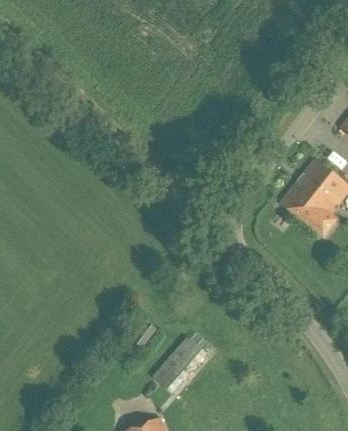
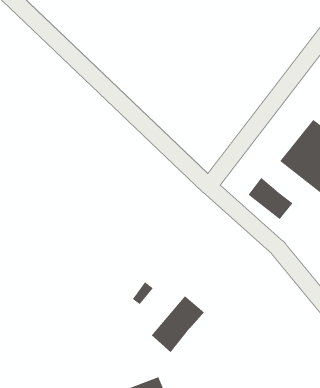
building: none -> [248,177,293,220]

